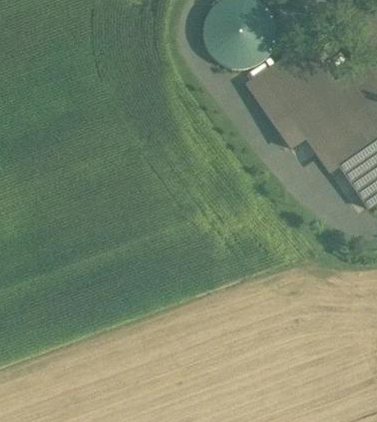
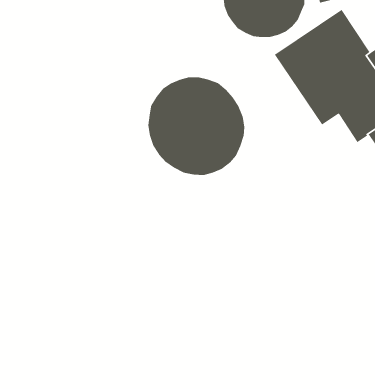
building: none -> [148,76,245,176]

